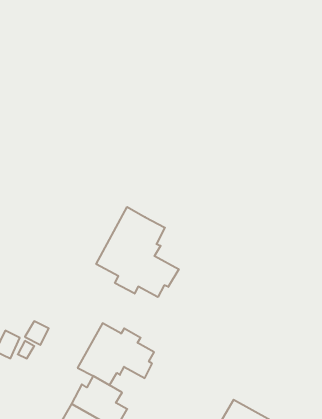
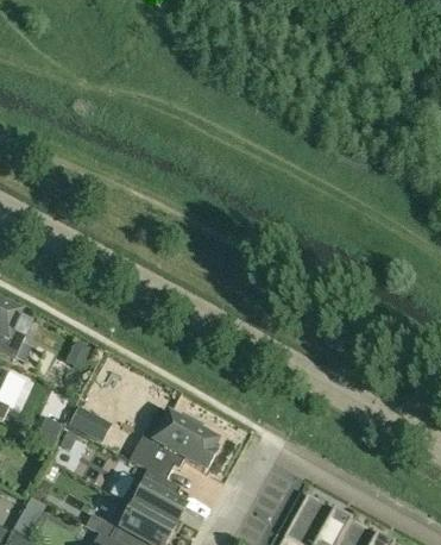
building: [96,207,179,297] -> none

